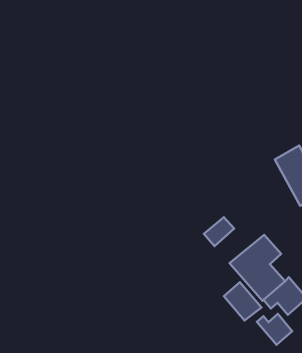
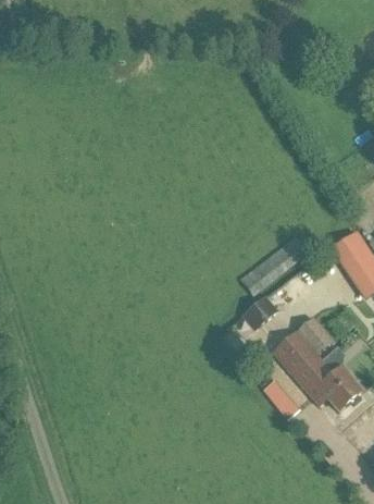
building: none -> [240,236,309,296]
building: [257,314,292,345] -> none

